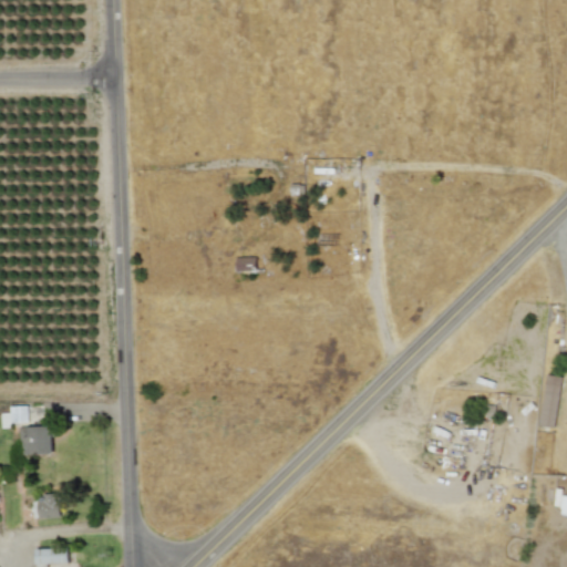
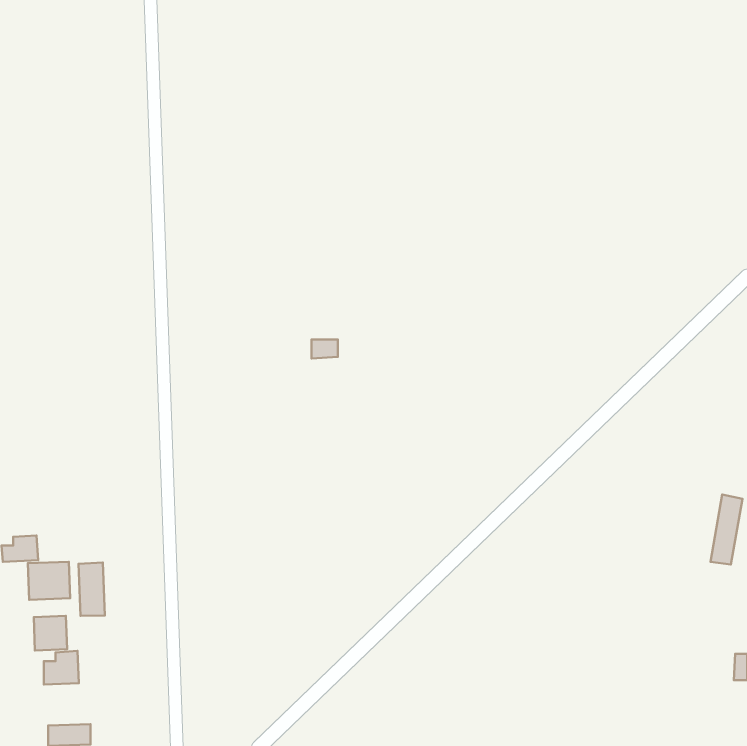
building: none -> [78,562,105,616]
building: none -> [34,616,67,650]

